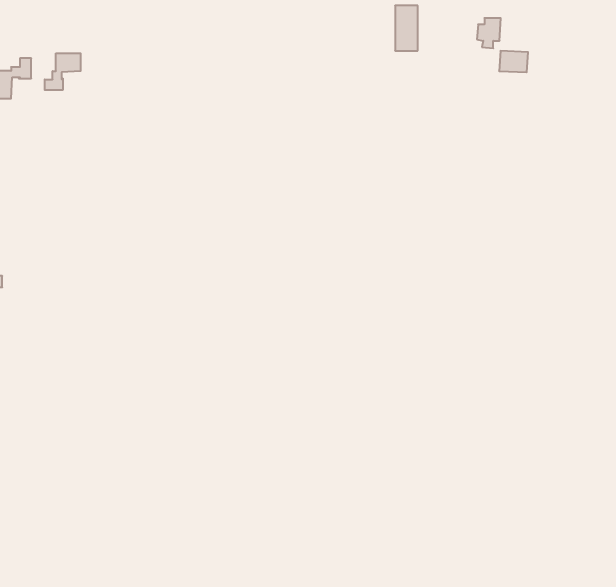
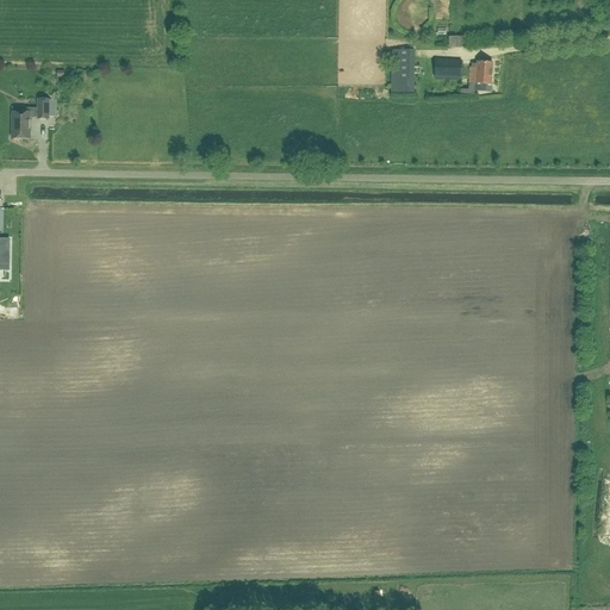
building: [499,51,528,72] -> [434,58,461,79]
building: [45,53,81,90] -> none

